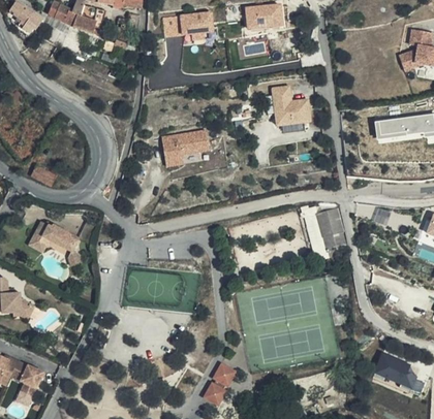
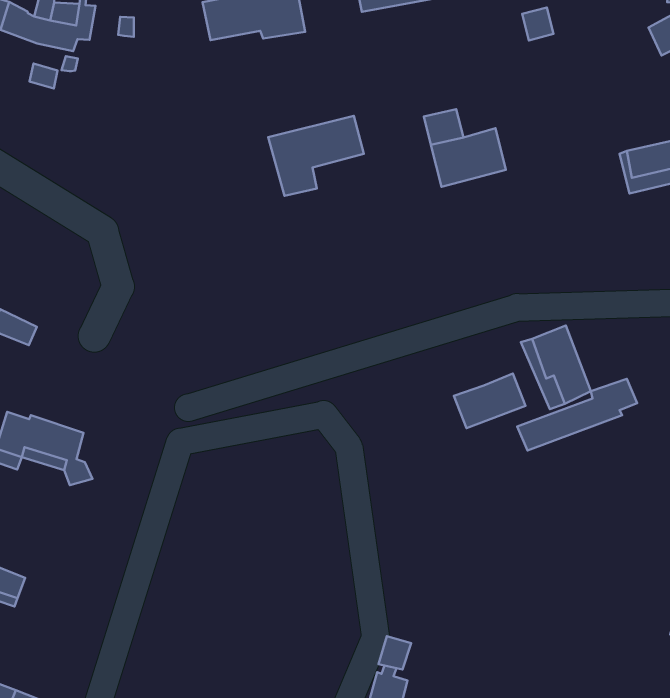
building: [161,129,211,167] -> [268,116,364,196]
building: none -> [454,374,526,428]
building: none -> [517,379,637,451]

